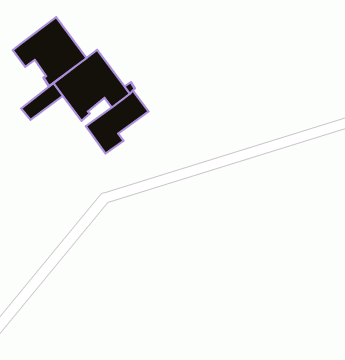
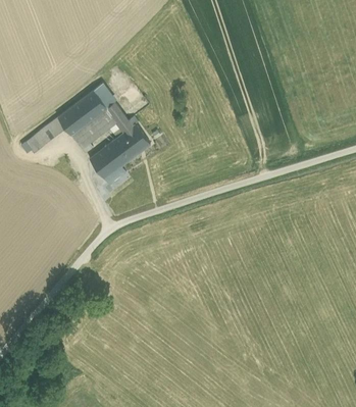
building: [13,17,86,86] -> none

